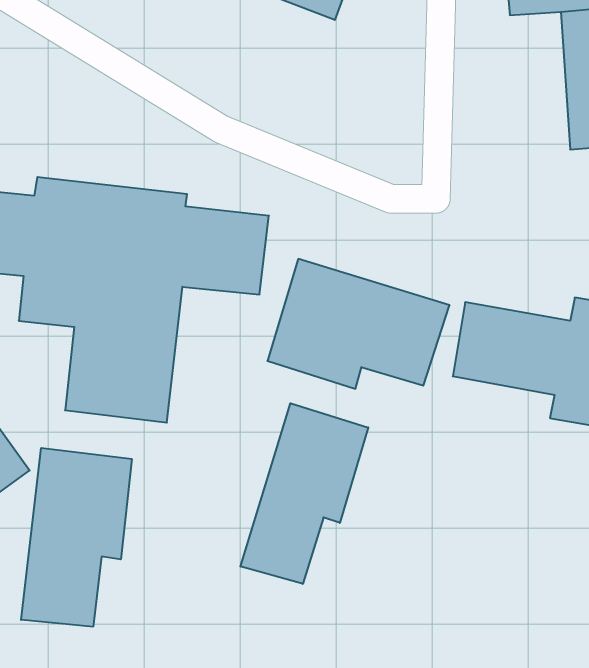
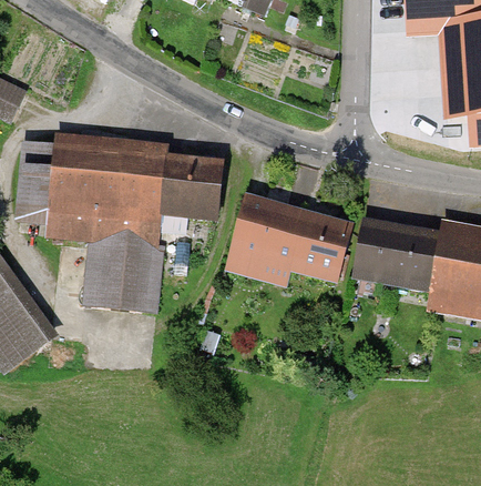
building: [240,403,368,584] -> none
building: [21,448,132,627] -> none

